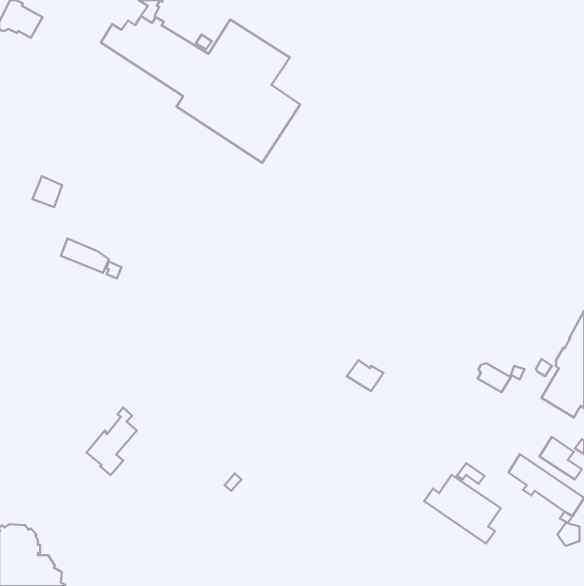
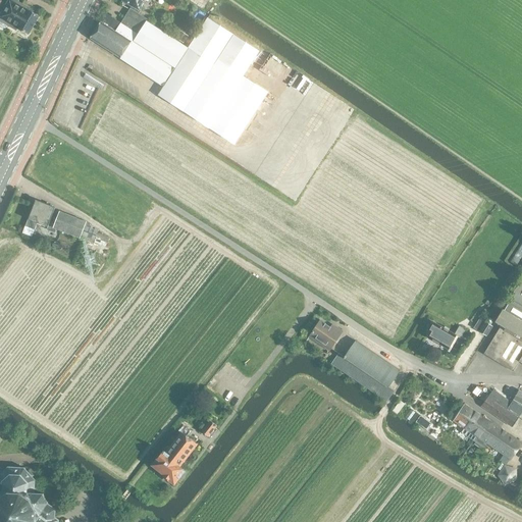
building: [33,176,62,207] -> [27,200,53,227]
building: [87,408,137,475] -> [150,424,195,484]
building: [424,475,501,544] -> [330,341,399,402]

